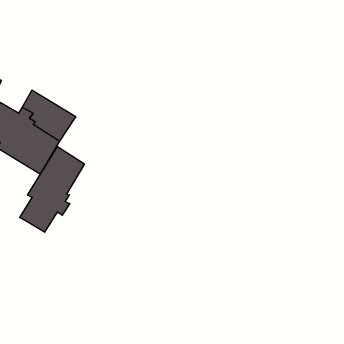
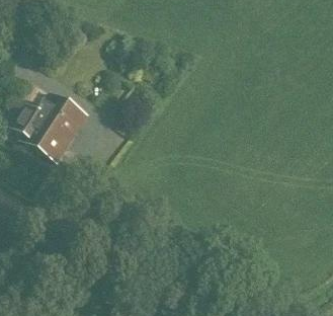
building: [20,147,84,232] -> none

